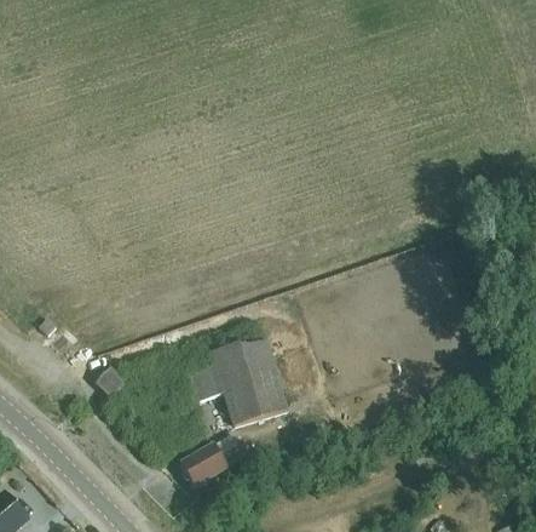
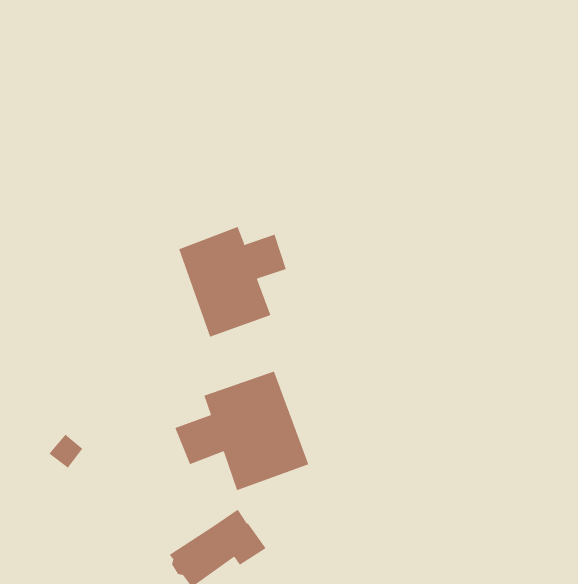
building: none -> [179,226,287,338]

